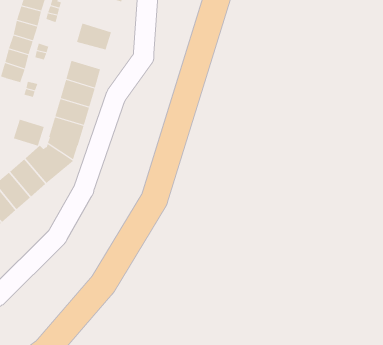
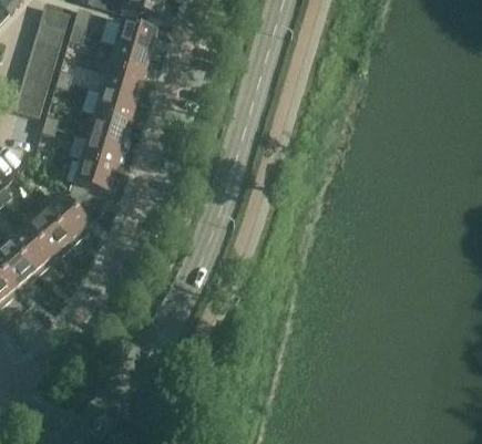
building: none -> [113,20,157,54]
building: none -> [100,66,143,100]
building: [13,119,44,146] -> none

